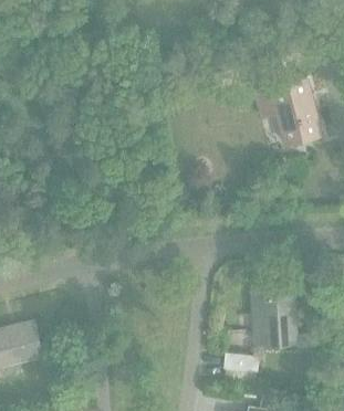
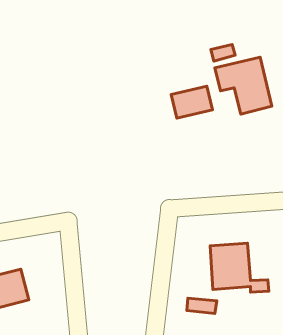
building: none -> [171,86,213,118]

